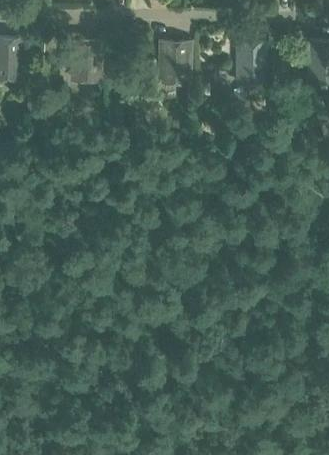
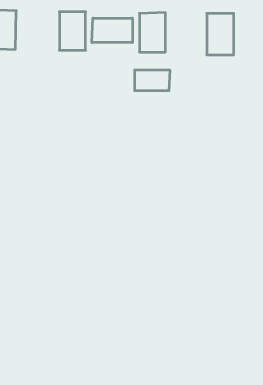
building: none -> [92,18,132,43]
building: none -> [135,70,170,91]

